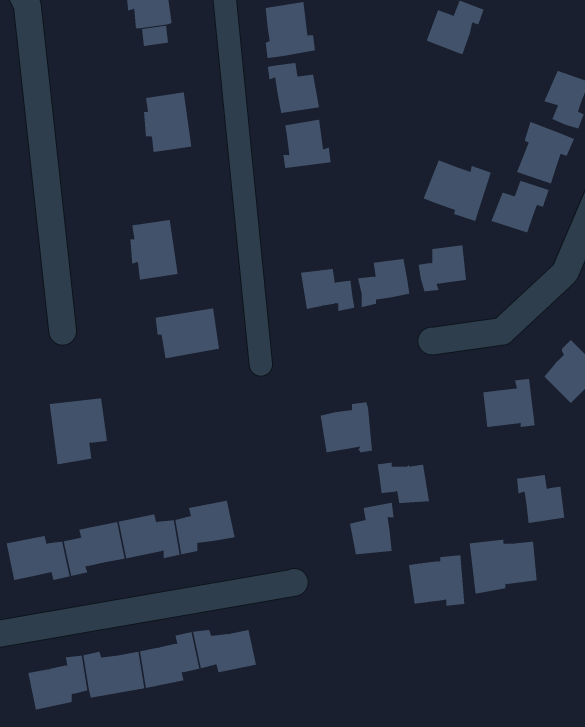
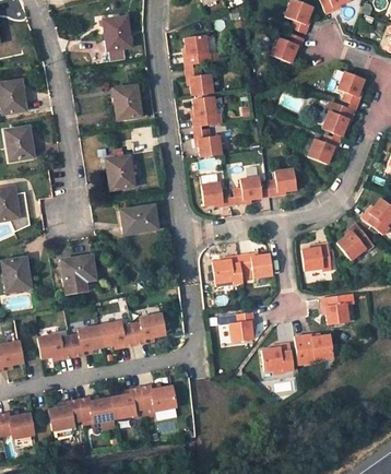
building: [423,160,491,222] -> none
building: none -> [196,130,223,158]
building: [377,462,430,503] -> [241,252,271,275]

